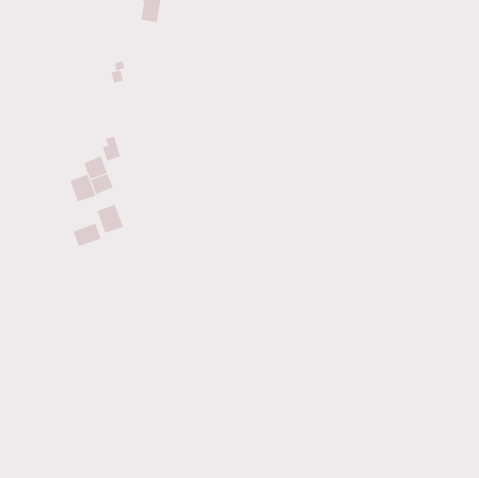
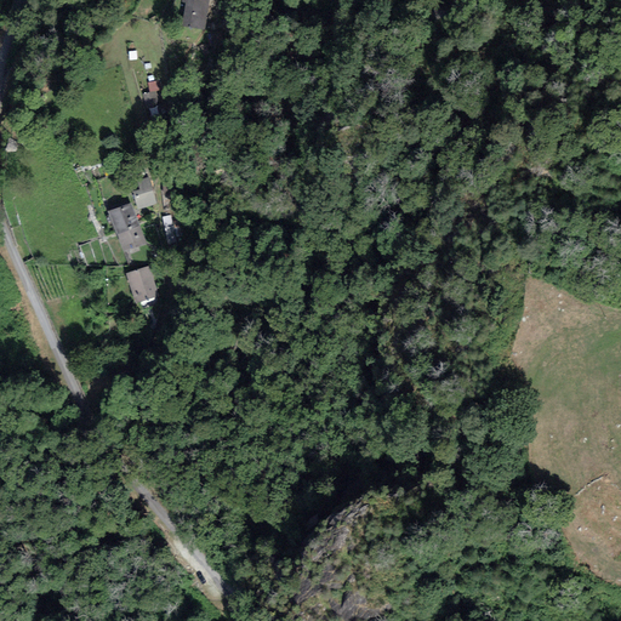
building: [70,174,96,202] -> none
building: [73,223,101,247] -> none

